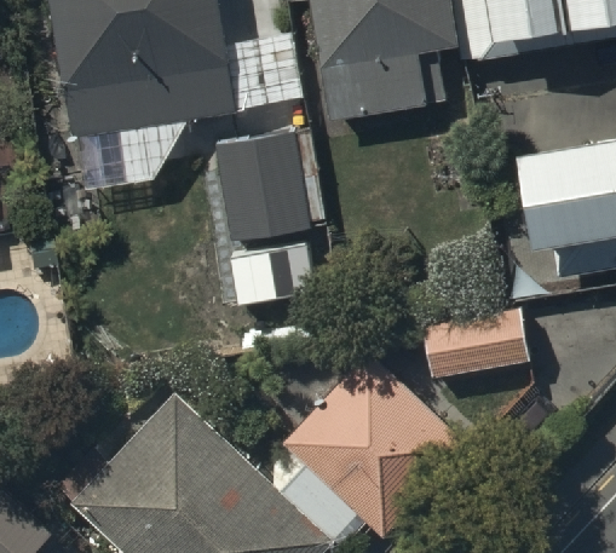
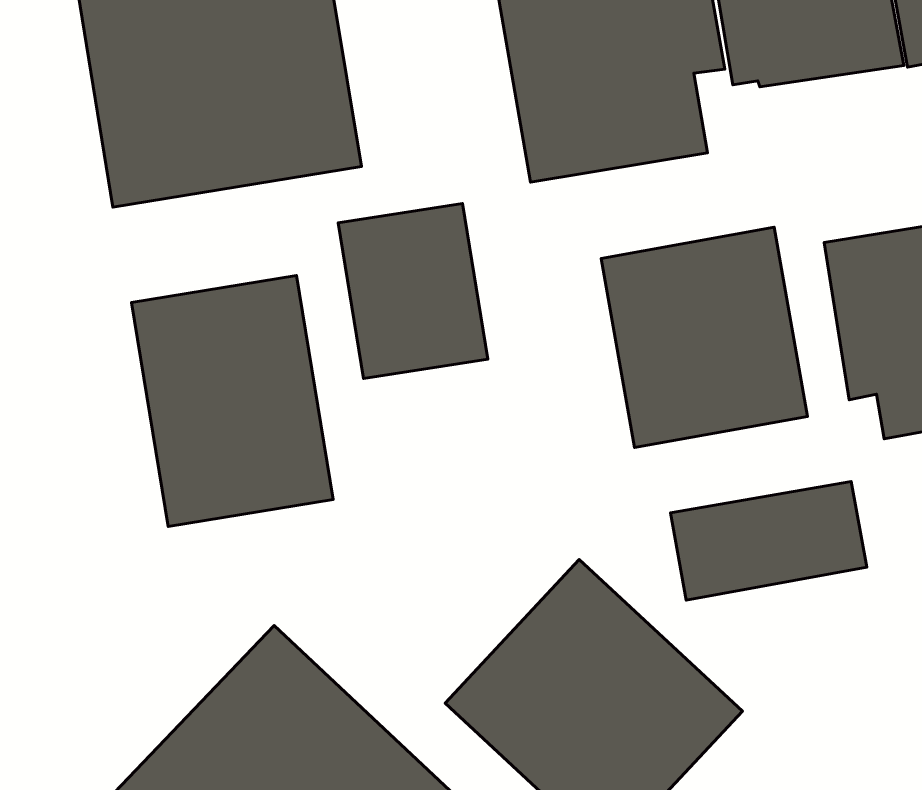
building: none -> [601,227,808,448]
building: none -> [131,276,333,526]

